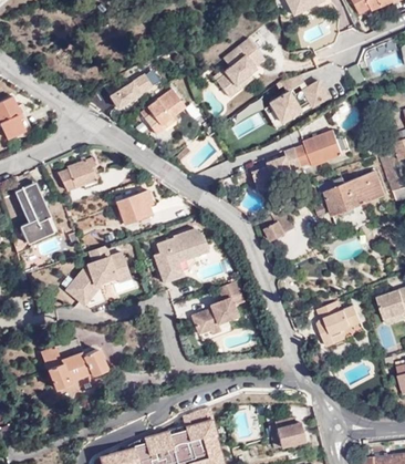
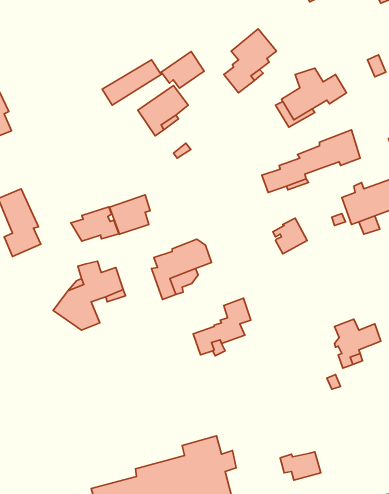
building: none -> [161,51,204,88]
building: [59,158,102,189] -> [71,207,119,241]
building: [41,338,106,388] -> none

